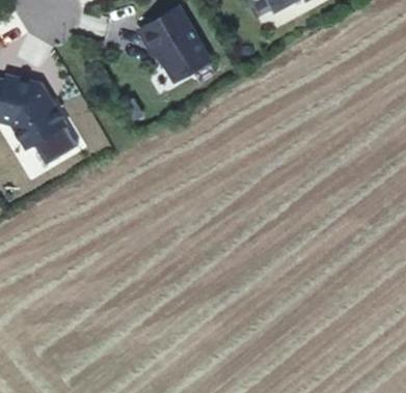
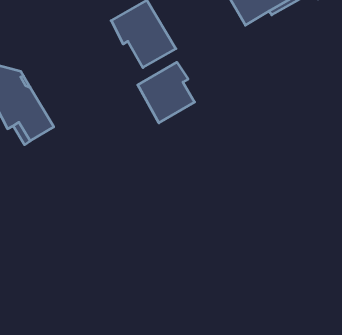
building: none -> [138,62,195,123]

